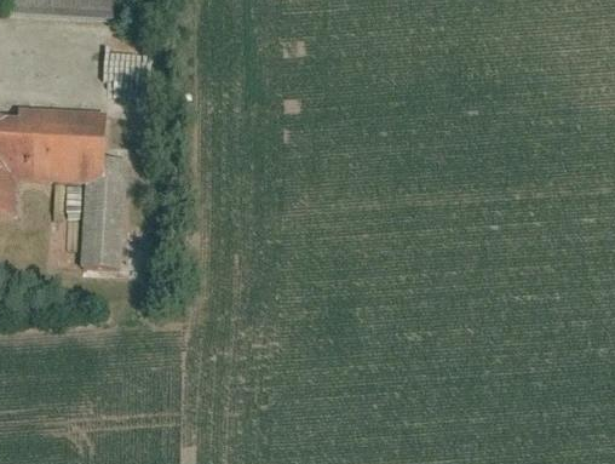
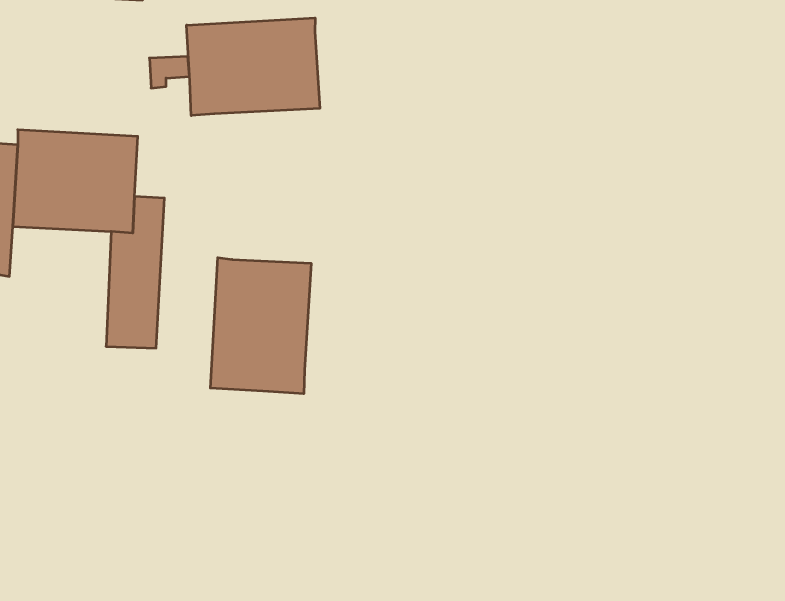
building: none -> [187,18,320,116]
building: none -> [210,258,311,394]

